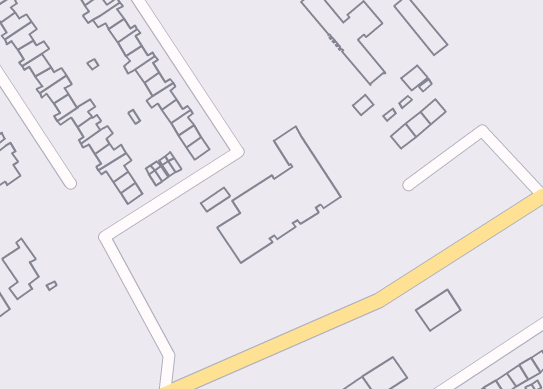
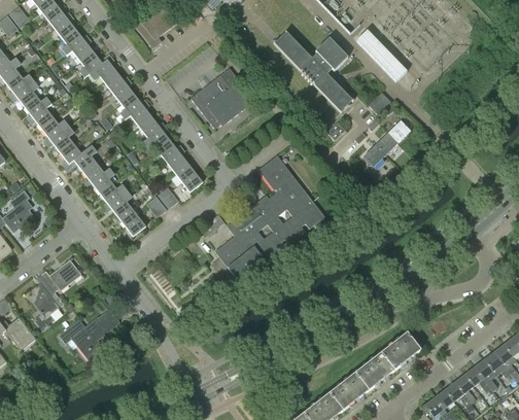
building: none -> [191,67,249,129]
building: none -> [40,259,81,291]
building: none -> [59,309,118,359]
building: [416,290,461,331] -> [380,332,420,371]

